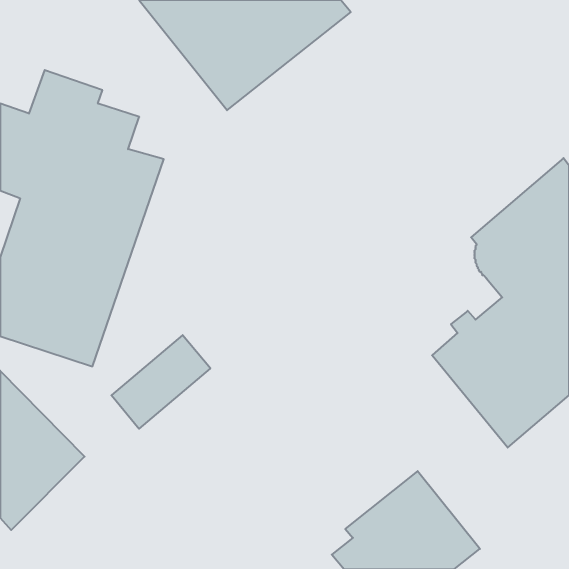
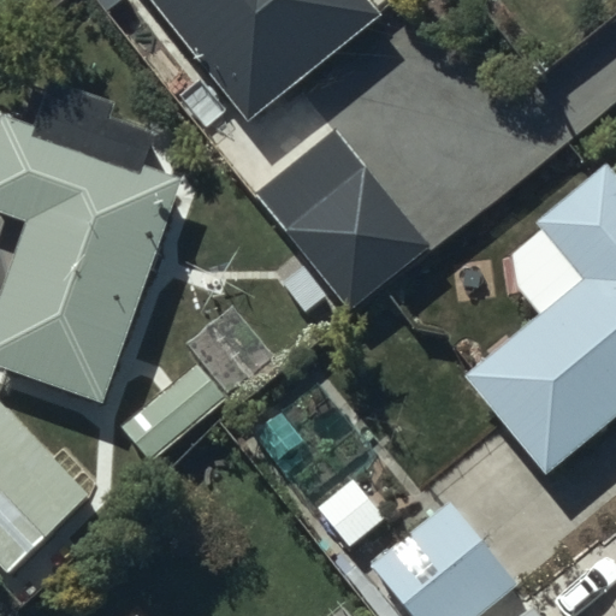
building: none -> [251,124,428,309]

